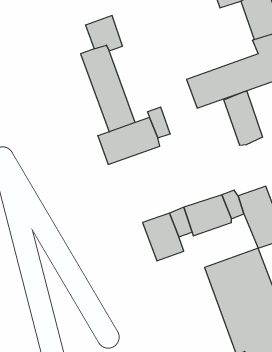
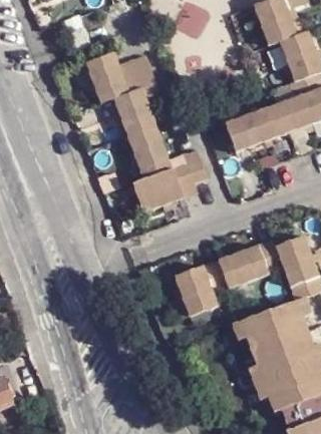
building: none -> [82,51,126,101]
building: [224,91,262,145] -> none

